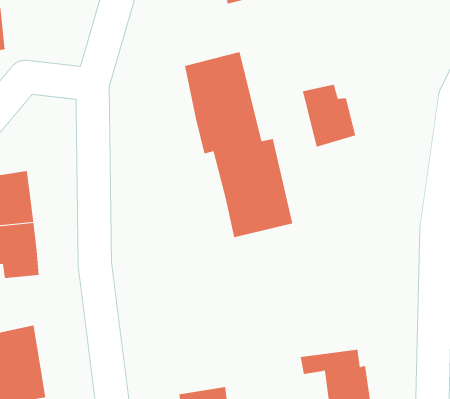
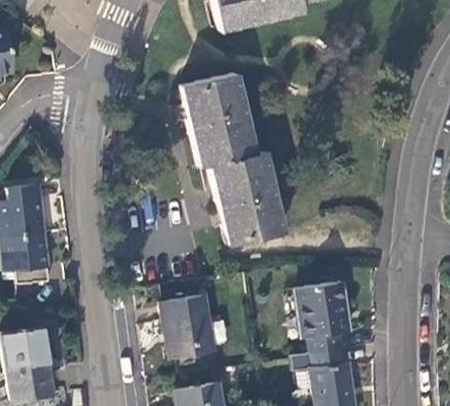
building: [302,84,356,147] -> none
building: none -> [297,283,349,351]
building: none -> [163,294,215,358]

